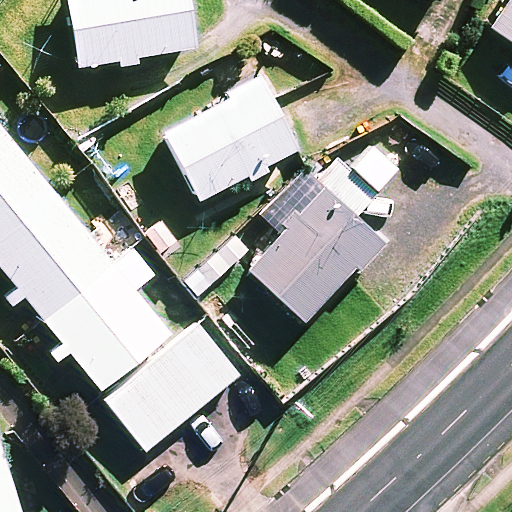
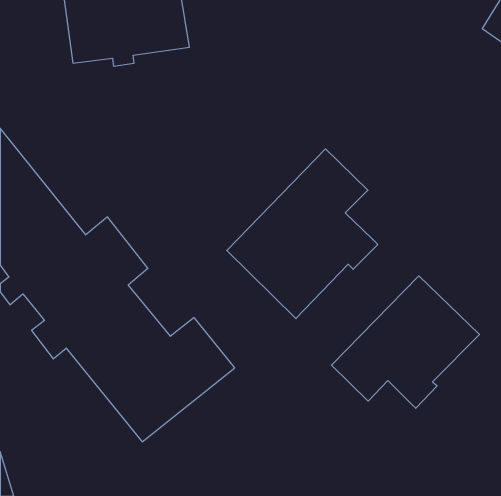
building: [164,74,299,201] -> none
building: none -> [331,276,479,408]

